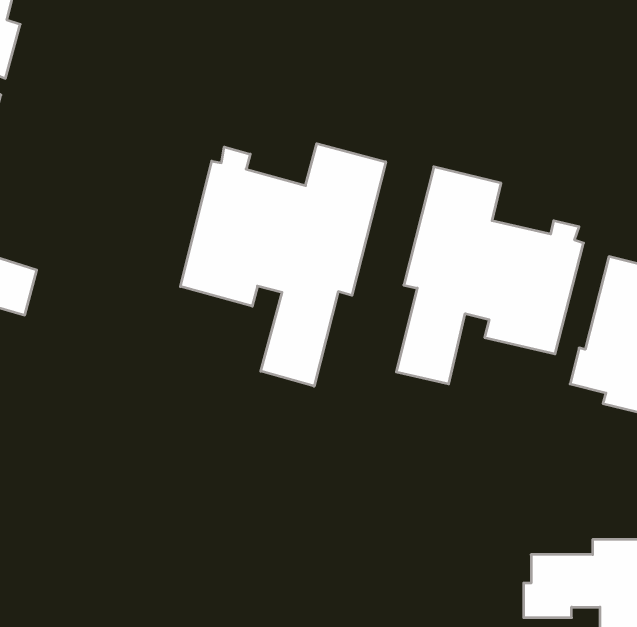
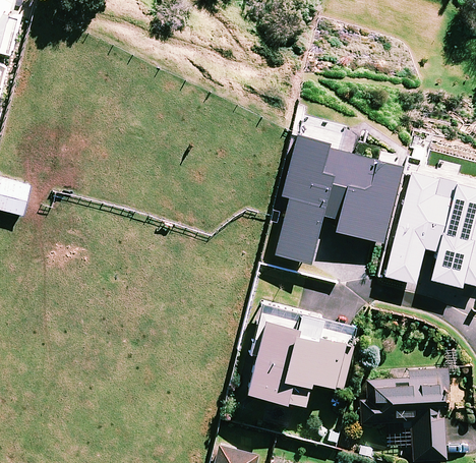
building: [180,144,386,386] -> none
building: none -> [247,301,357,406]

